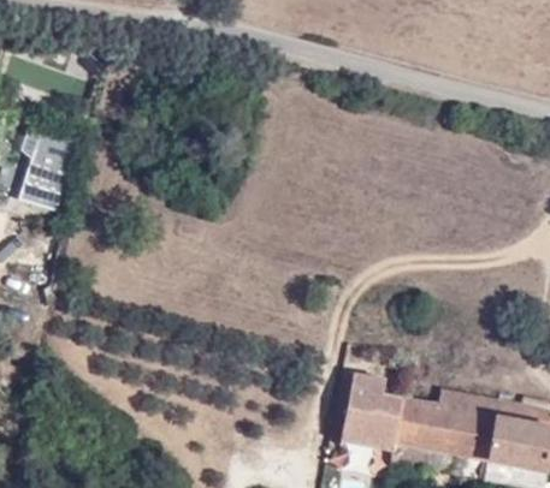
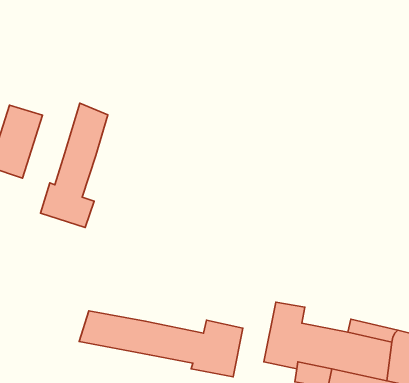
building: none -> [40,103,108,227]
building: none -> [79,311,243,377]

